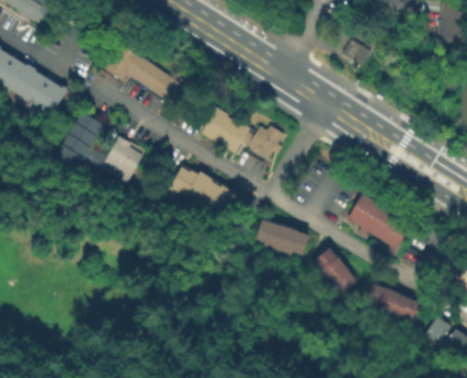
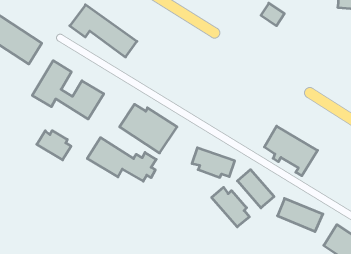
building: [197,104,284,159] -> [87,138,156,181]
building: none -> [37,131,71,160]
building: none -> [212,187,249,227]

